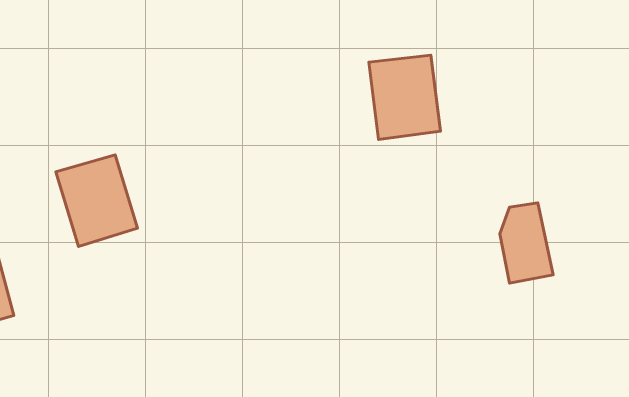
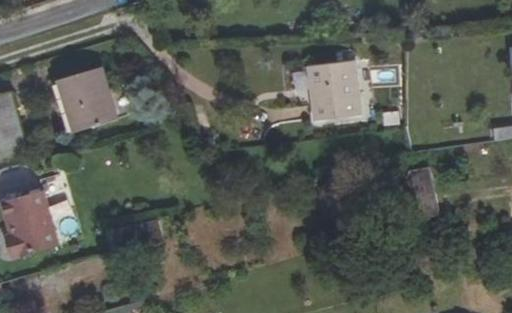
building: [56,155,138,246] -> [59,67,117,132]

